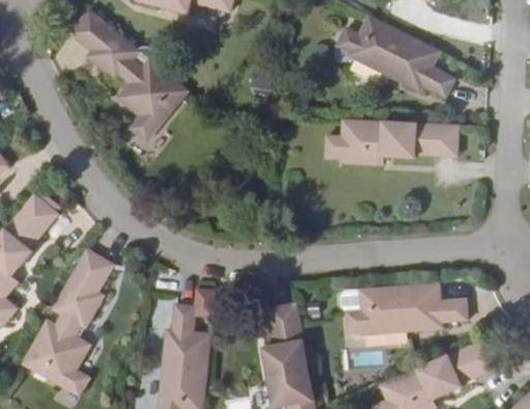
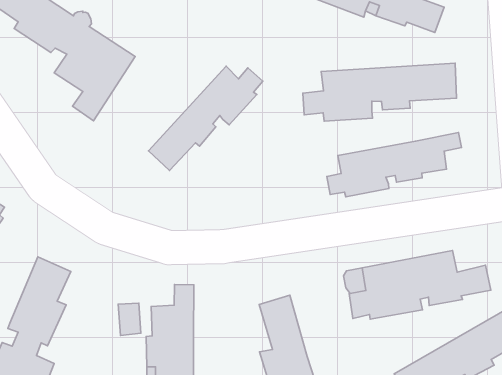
building: none -> [148,66,263,171]
building: none -> [327,133,462,197]

